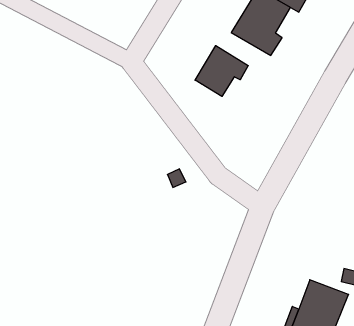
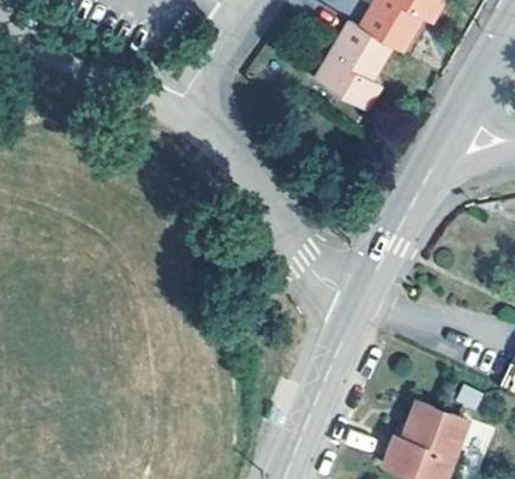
building: [195,46,248,96] -> none

